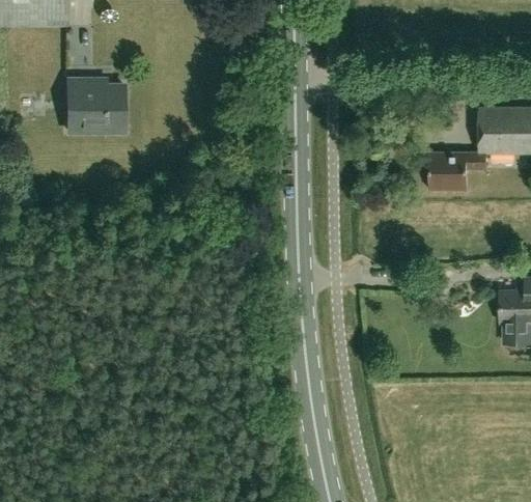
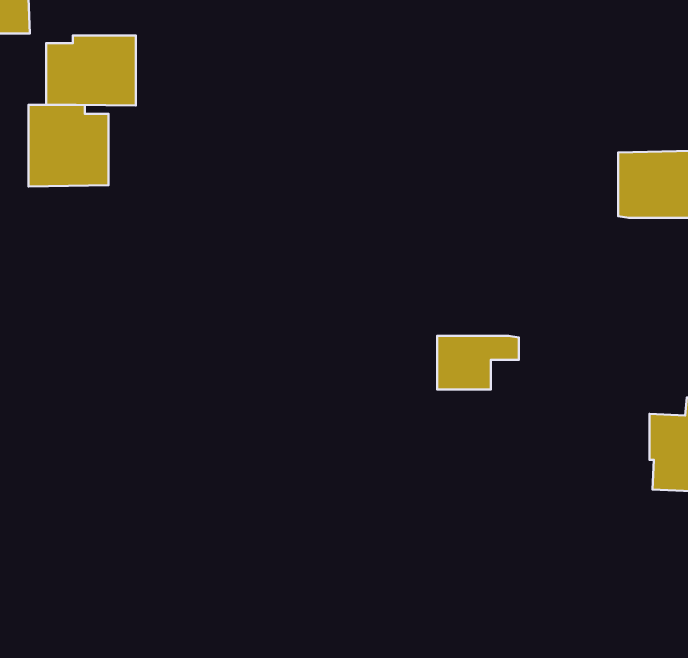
building: none -> [46,35,136,106]
building: [429,152,486,190] -> [437,336,519,389]

